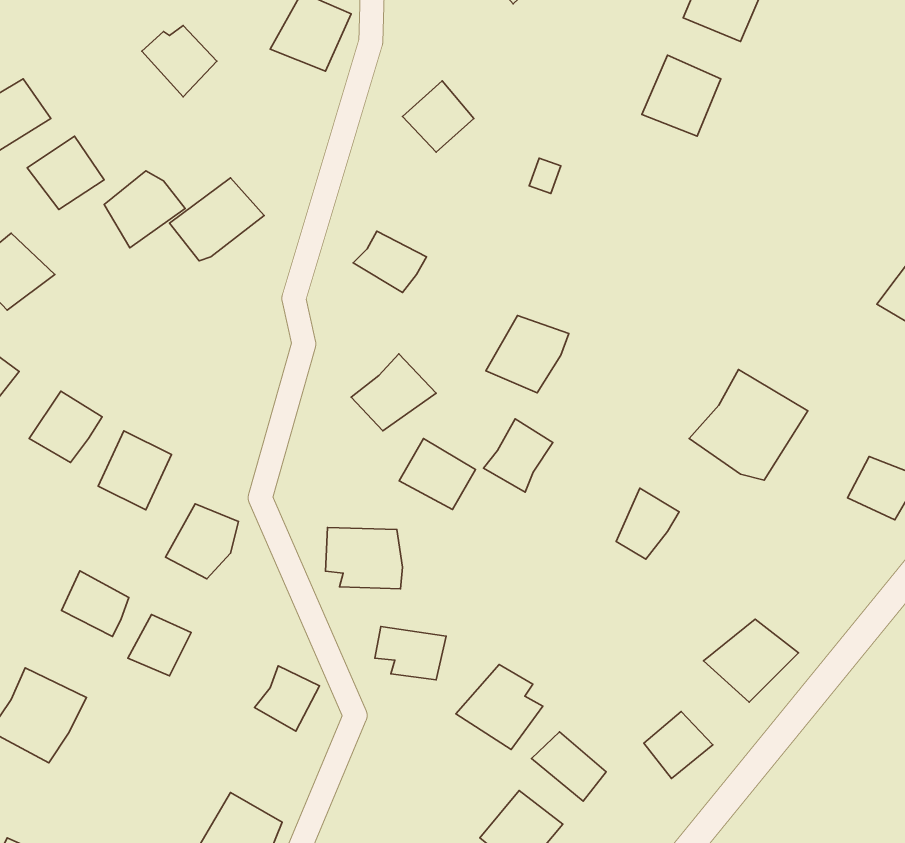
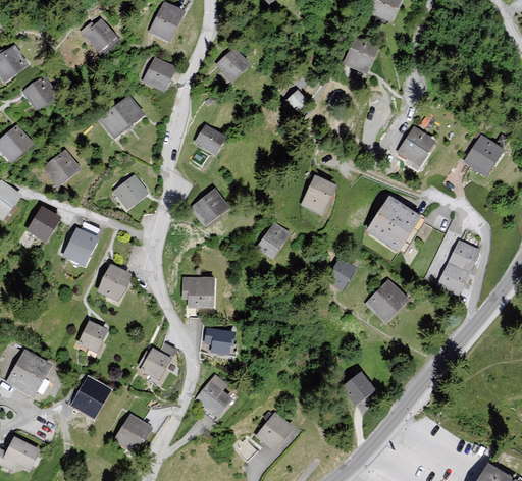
building: none -> [141,54,178,92]
building: [104,171,185,248] -> [40,150,82,190]
building: none -> [396,125,437,166]
building: [486,316,569,393] -> [300,174,343,214]
building: none -> [108,174,147,210]
building: [399,438,475,510] -> none
building: none -> [432,261,470,302]
building: [61,571,129,637] -> none
building: [704,619,798,702] -> [363,281,412,324]
building: [456,665,543,750] -> [192,374,237,418]
building: none -> [67,376,113,419]
building: [532,732,606,801] -> none

